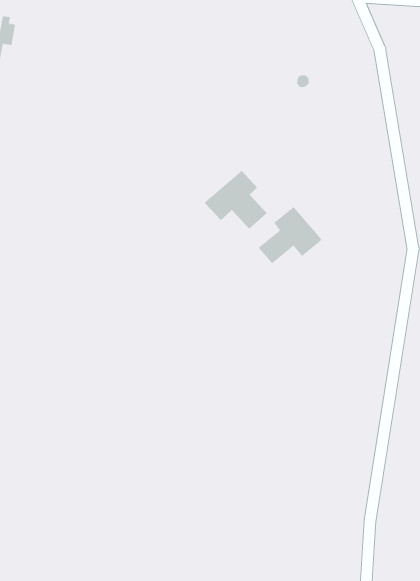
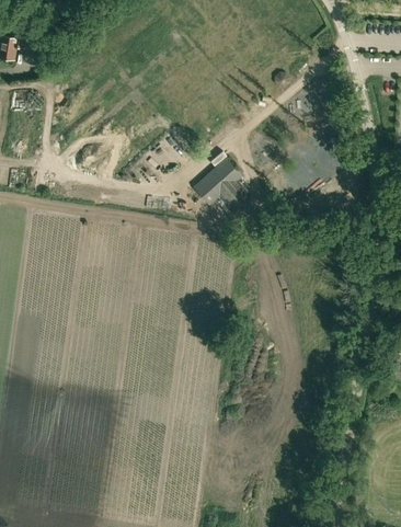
building: [258,206,323,264] -> none

